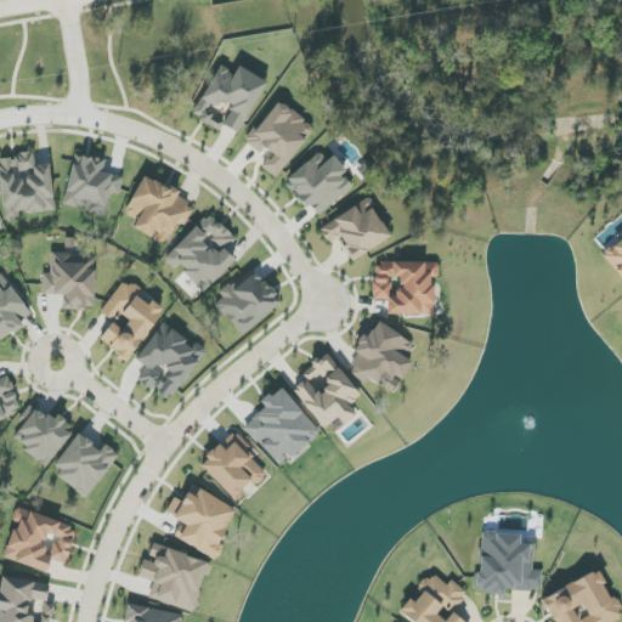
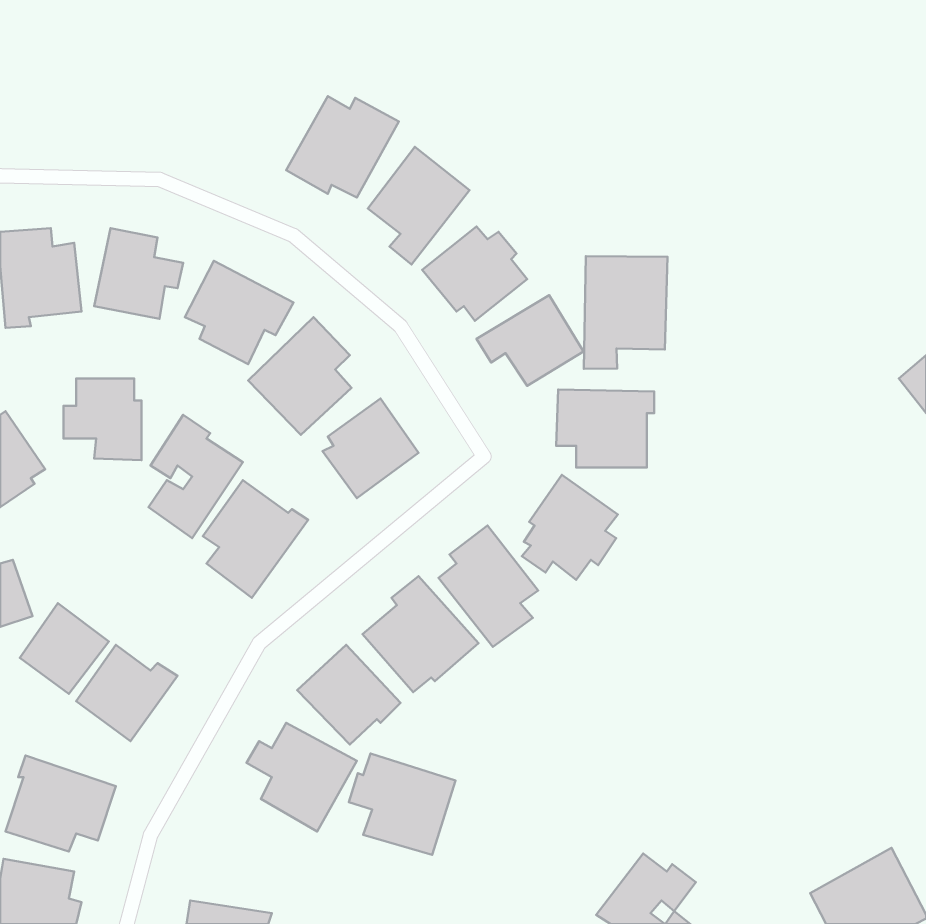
building: none -> [584,256,668,369]
building: [477,531,542,593] -> none
building: [138,543,210,611] -> [349,753,456,855]

